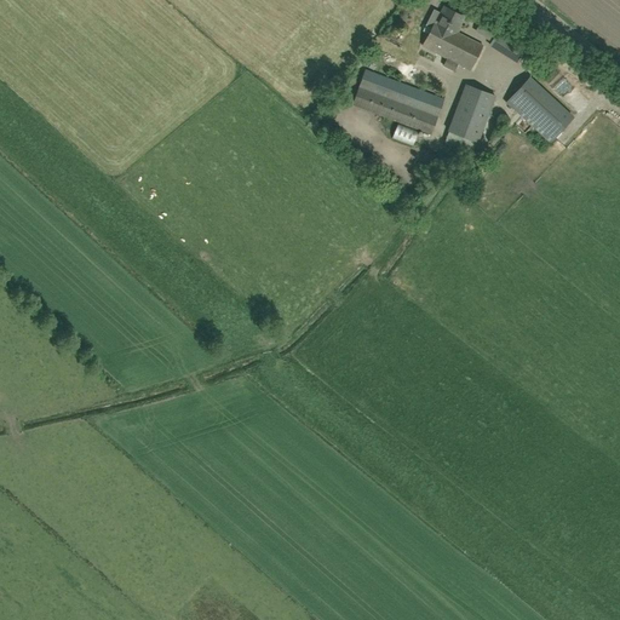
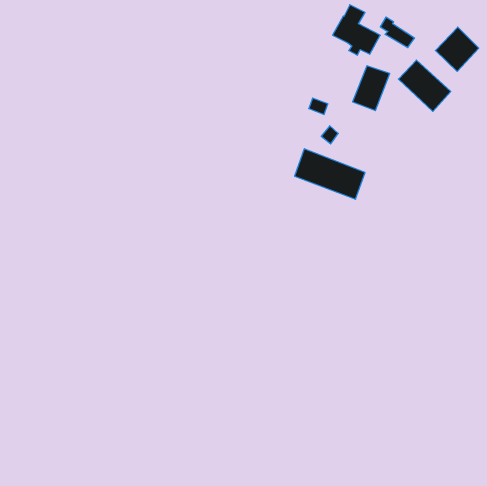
building: none -> [435,27,479,71]
building: [354,69,443,133] -> [295,149,365,199]

